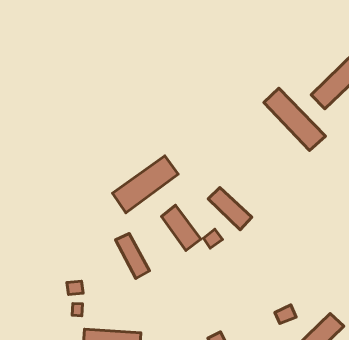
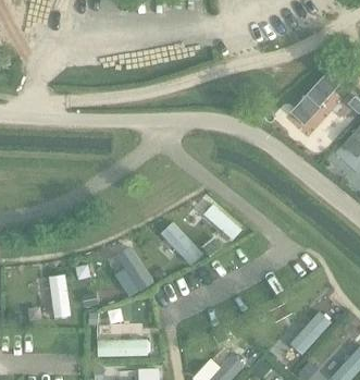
building: [264,88,326,151] -> none
building: [112,156,178,213] -> none
building: none -> [49,275,70,318]

